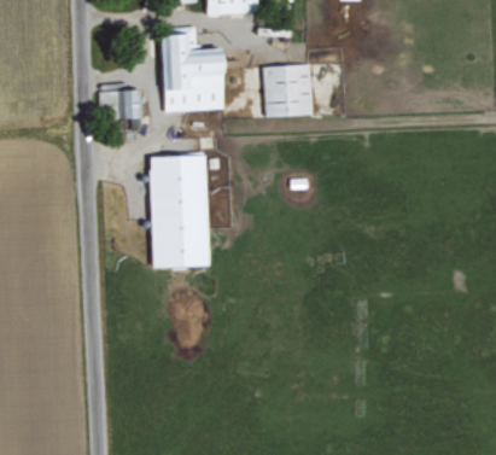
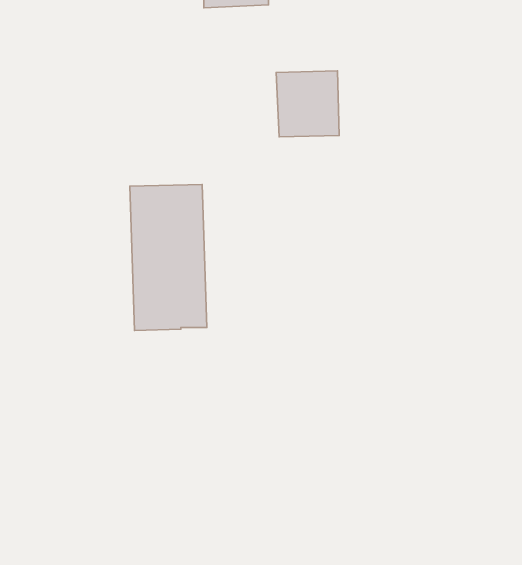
building: [159,29,224,112] -> none
building: [100,89,141,118] -> none

